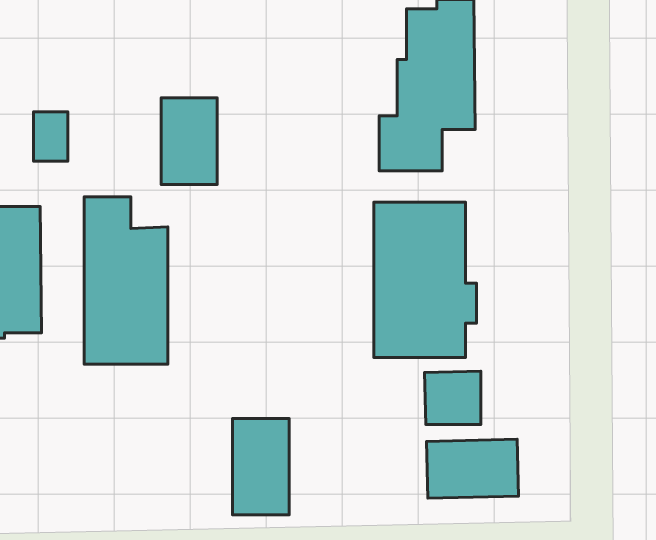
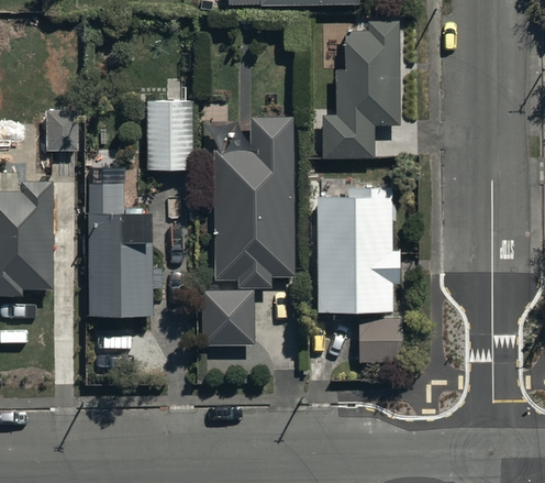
building: none -> [201,119,294,347]
building: [233,418,289,515] -> none
building: [427,439,519,498] -> none

